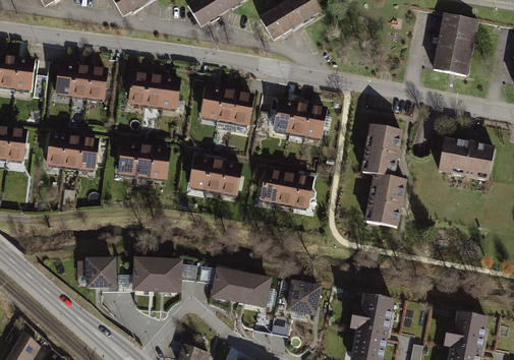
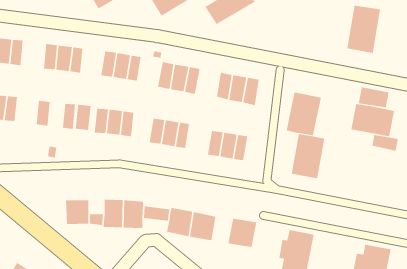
building: none -> [358,86,389,108]
building: [63,134,83,167] -> [75,104,91,130]
building: none -> [372,134,398,151]

